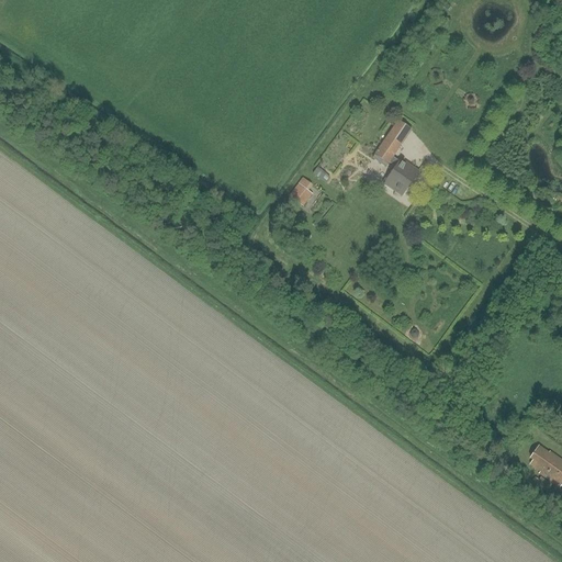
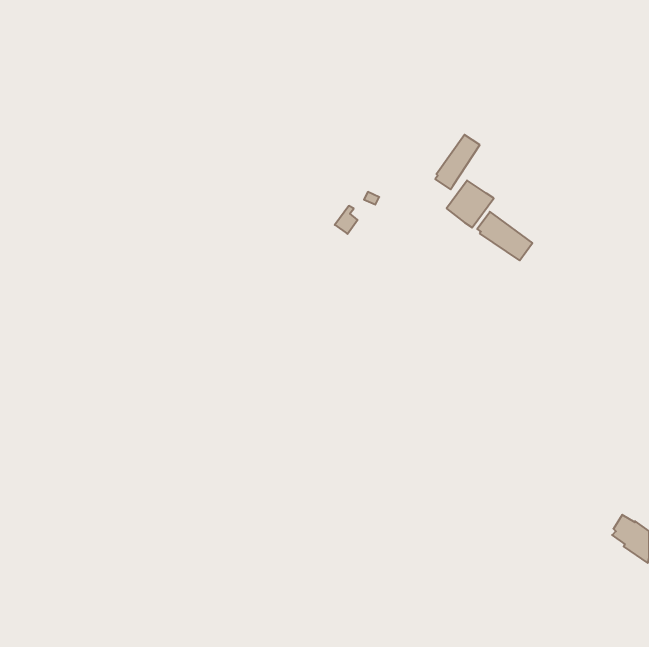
building: none -> [477,212,532,260]

